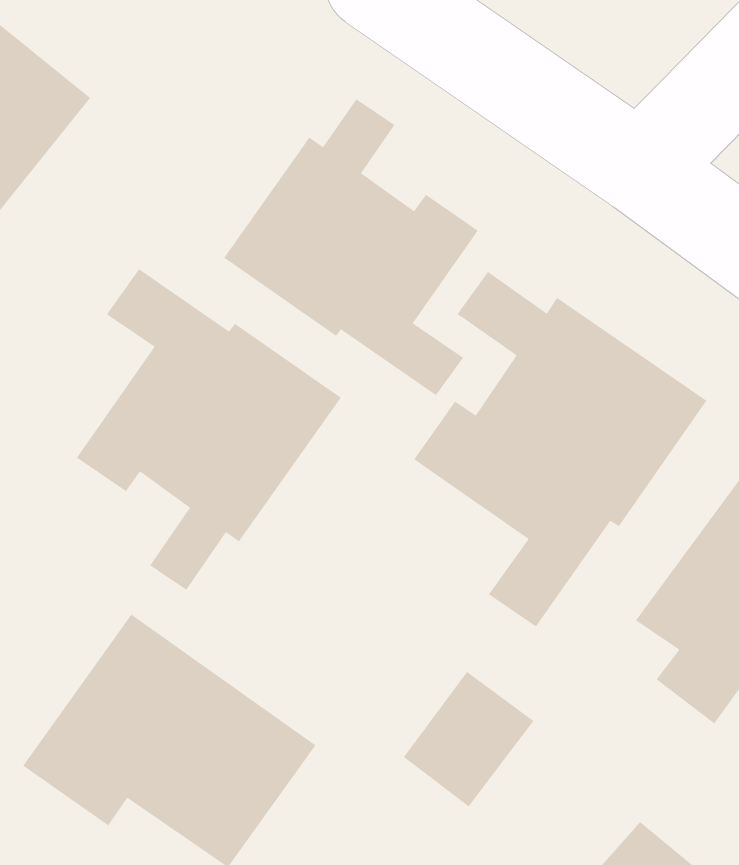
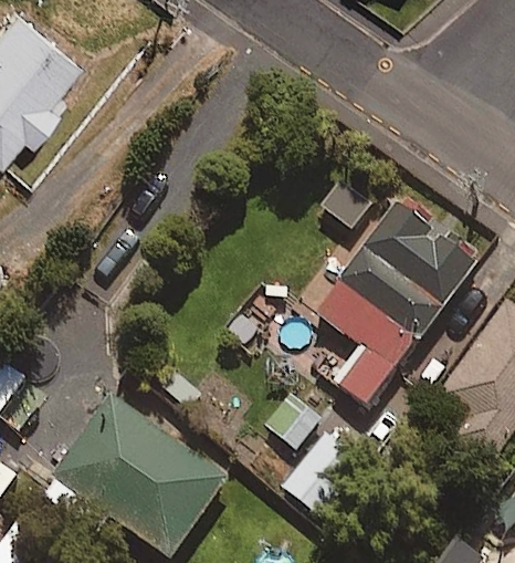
building: [223,98,479,396] -> none
building: [76,268,342,591] -> none

